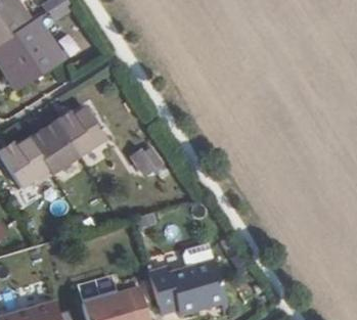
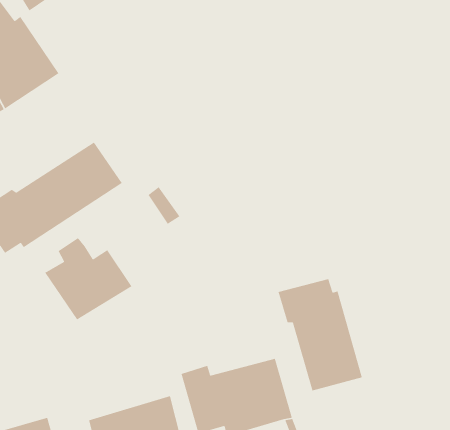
building: none -> [44,237,132,321]
building: none -> [278,278,363,391]

